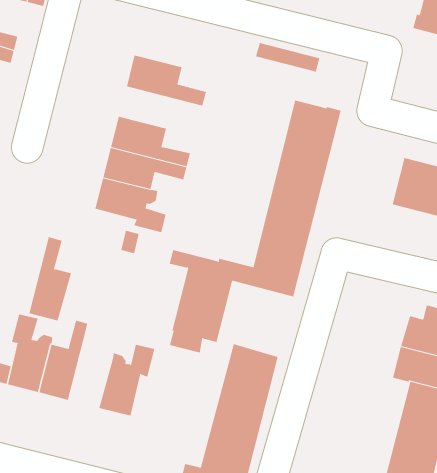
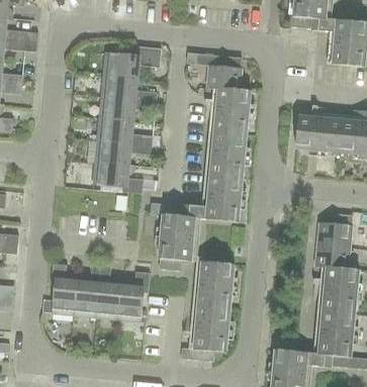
building: none -> [102,45,160,79]
building: none -> [205,56,241,89]
building: none -> [98,96,155,120]
building: [28,237,72,321] -> [95,262,120,318]

